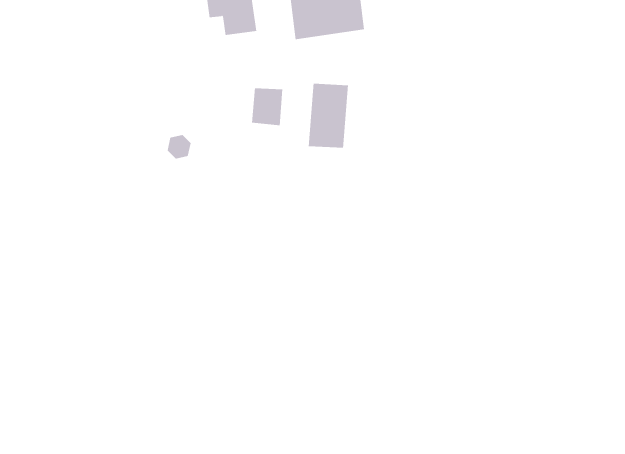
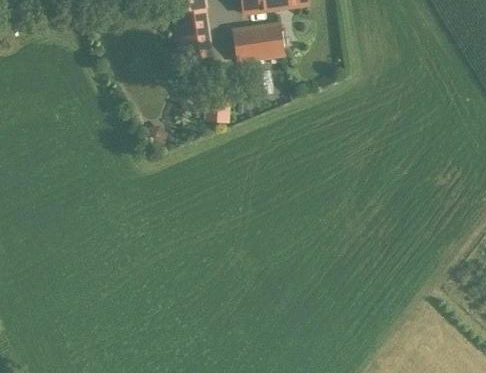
building: [308,83,349,149] -> none

